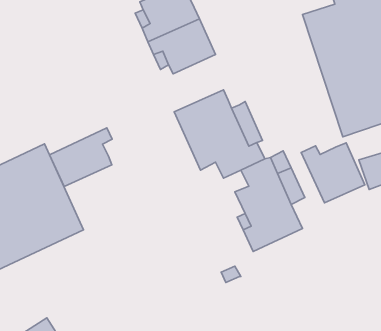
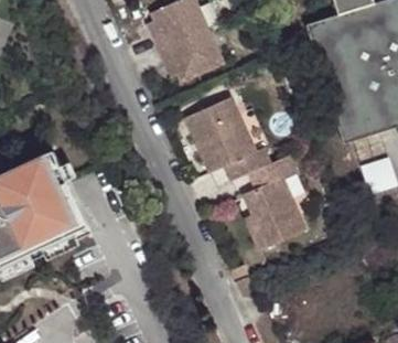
building: [50,128,112,187] -> none
building: [301,143,365,203] -> none

